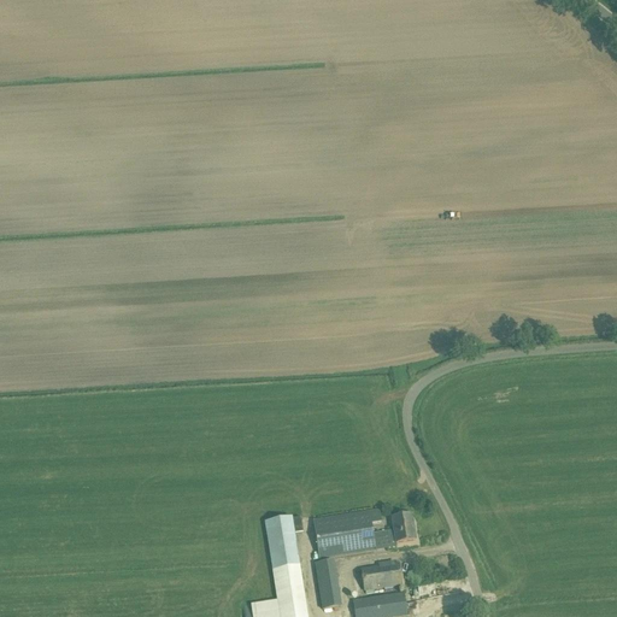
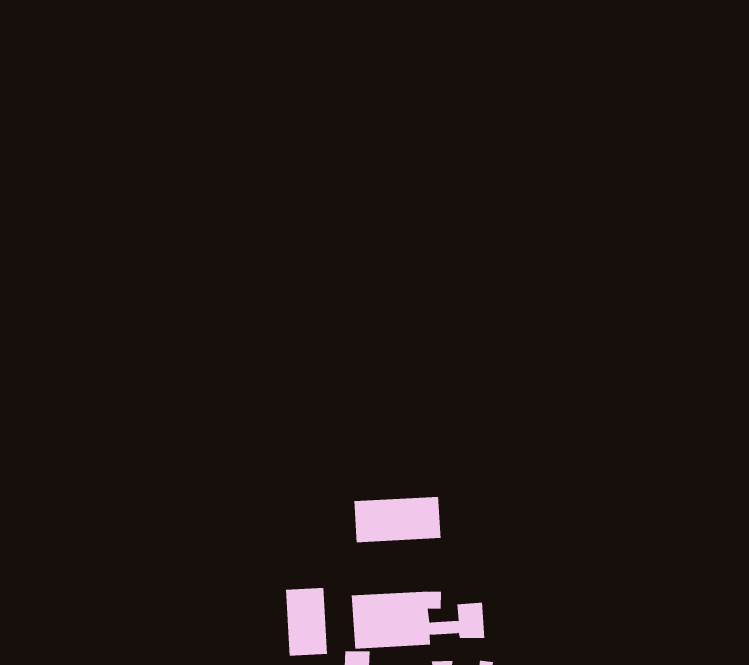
building: none -> [354,496,441,543]

